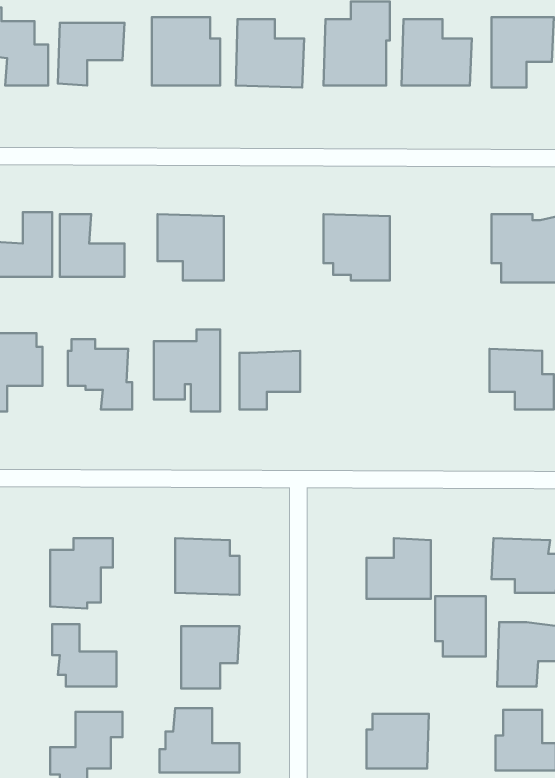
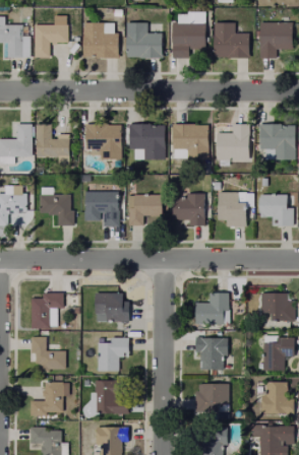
building: none -> [128,123,164,159]
building: none -> [216,124,249,166]
building: none -> [173,187,202,225]
building: none -> [218,192,245,226]
building: [435,596,486,657] -> [195,338,222,370]

